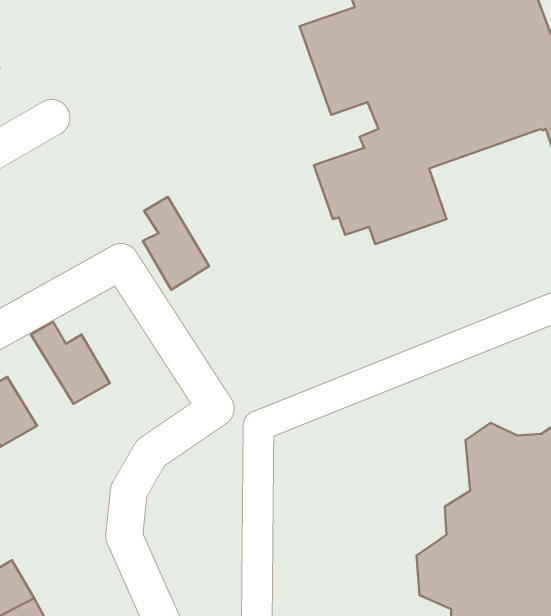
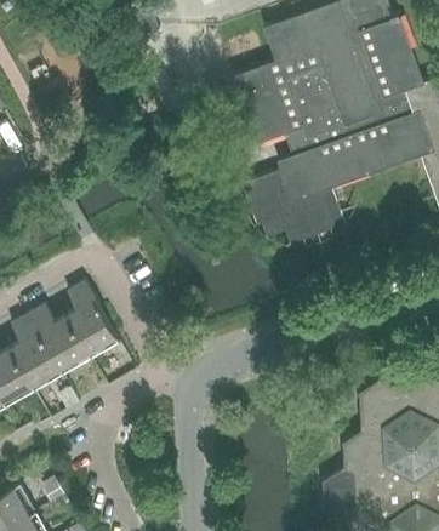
building: [143,197,209,290] -> [65,279,116,350]
building: none -> [8,313,59,383]

